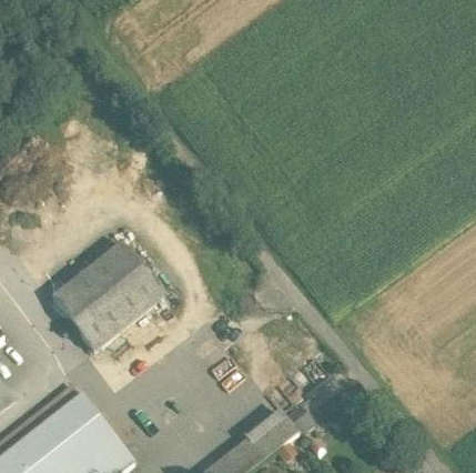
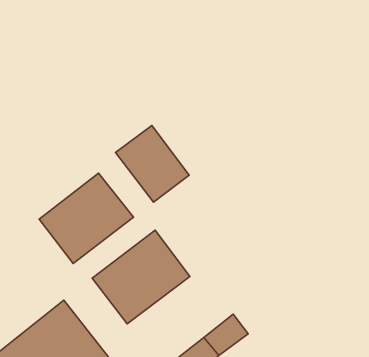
building: none -> [115,125,189,202]
building: none -> [92,230,190,324]

